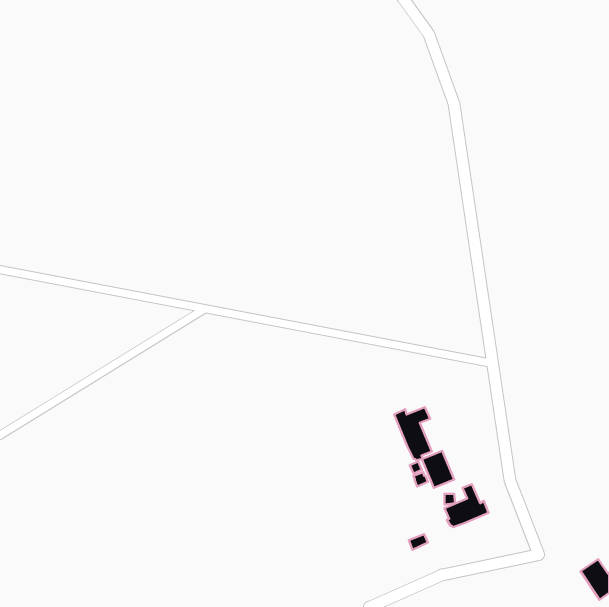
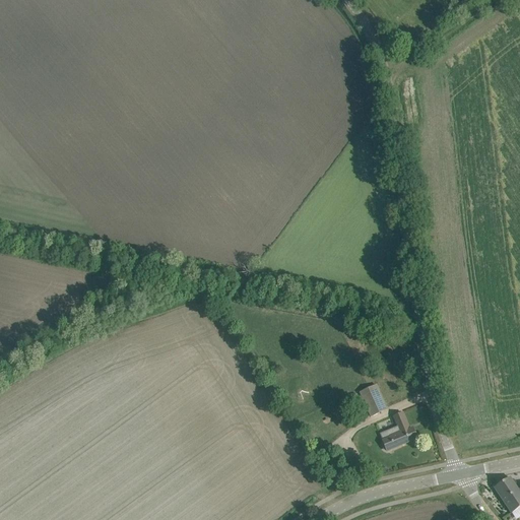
building: [394,407,432,460] -> none

